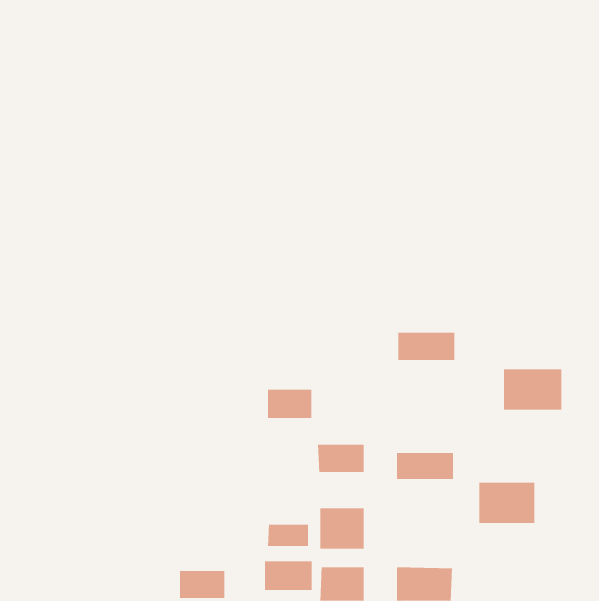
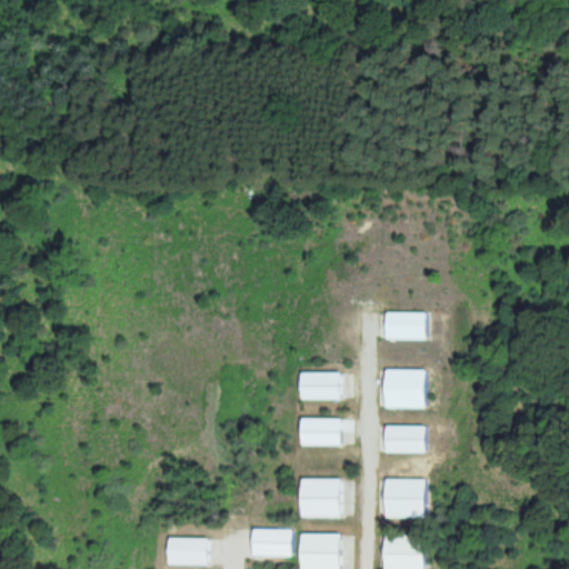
building: [503,369,562,410] -> [373,370,429,409]
building: [267,389,312,418] -> [301,372,343,400]
building: [479,482,535,523] -> [373,479,427,518]
building: [267,524,309,547] -> none

